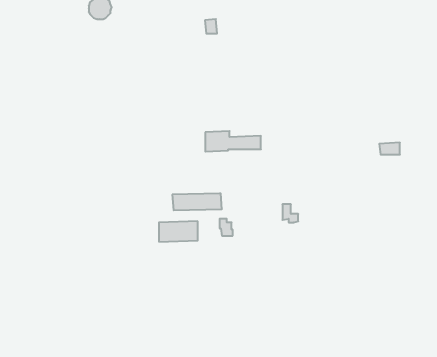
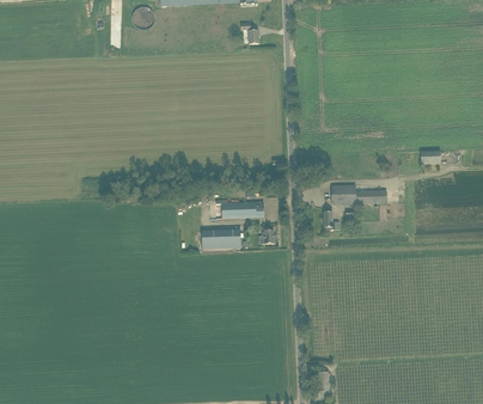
building: [205,131,261,152] -> [330,184,385,204]

